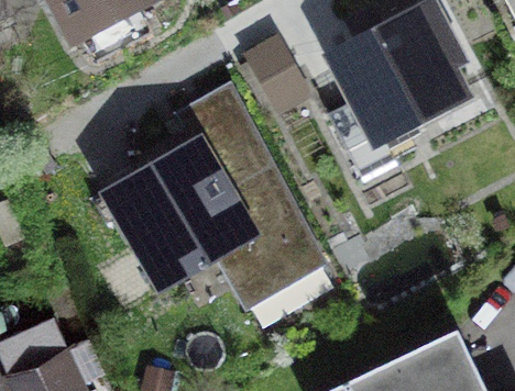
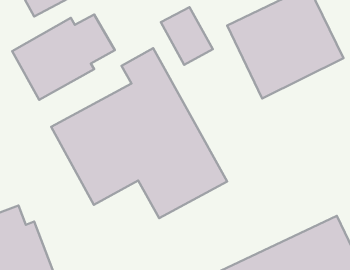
building: none -> [12,14,115,100]

